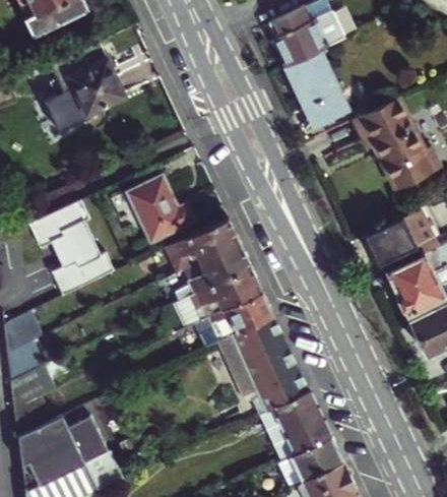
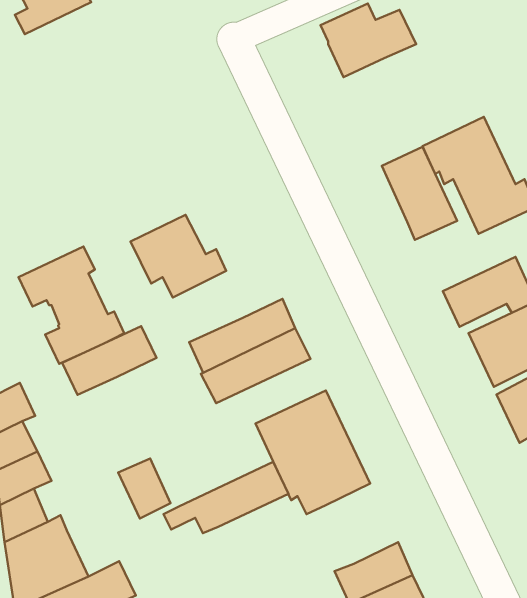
building: [49,42,123,117] -> none
building: [288,51,347,125] -> [382,147,457,240]
building: [164,218,239,272] -> [62,326,157,395]
building: [174,291,273,348] -> [163,462,288,533]
building: [273,390,331,454] -> none
building: [67,417,109,464] -> [118,459,171,518]

